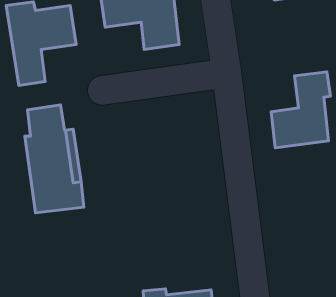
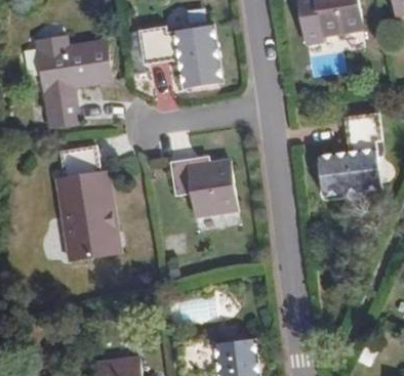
building: none -> [172,159,236,217]

